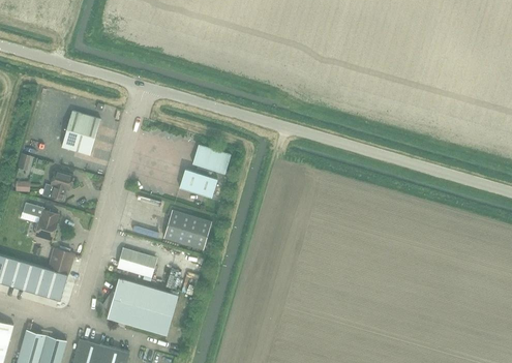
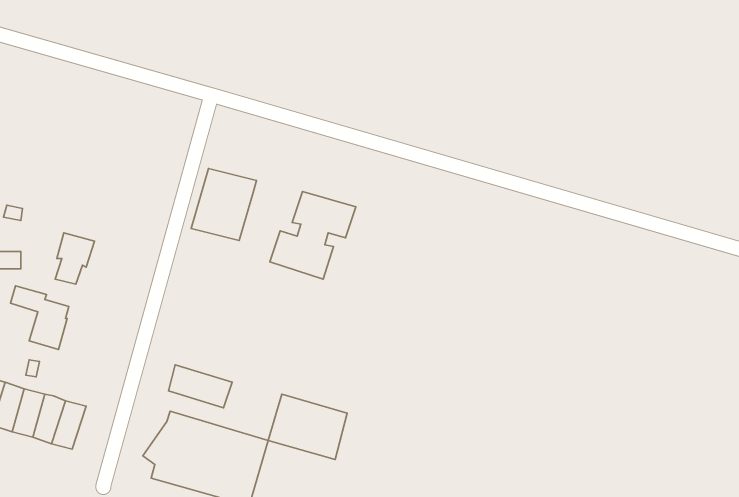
building: [61,111,100,154] -> [191,168,256,240]
building: [163,210,211,249] -> [268,394,347,459]
building: [49,246,73,274] -> none

